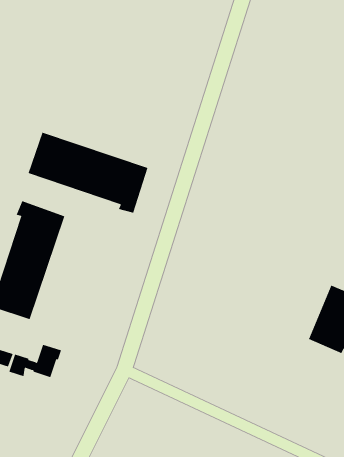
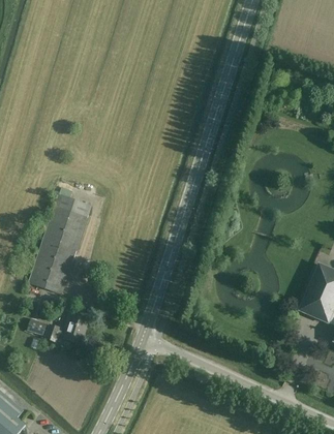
building: [28,132,148,214] -> none

